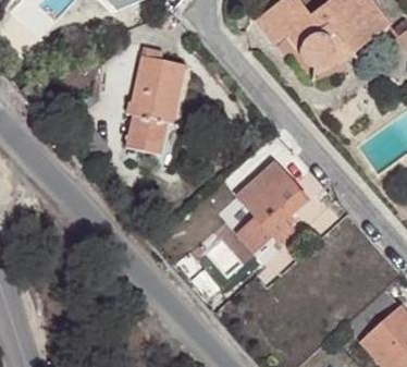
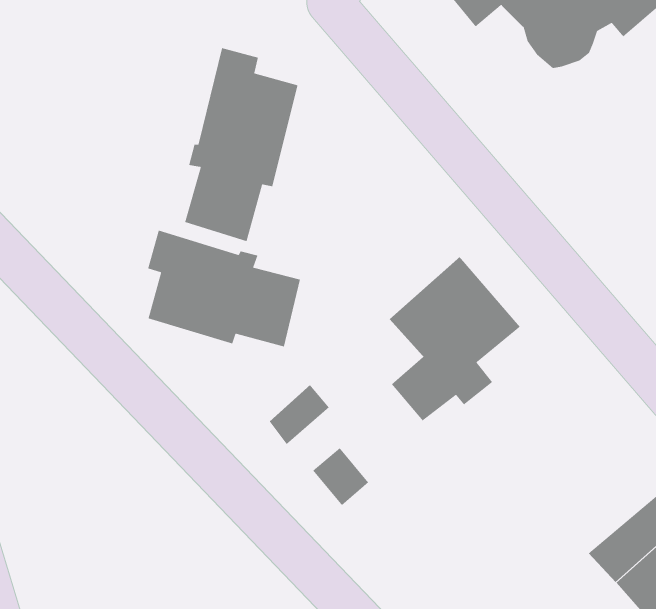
building: none -> [147,229,301,347]

